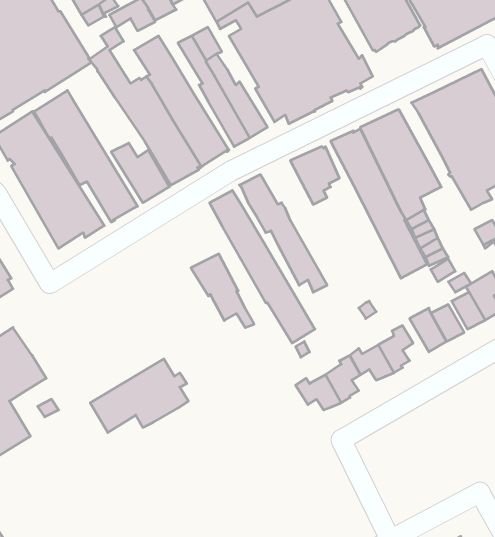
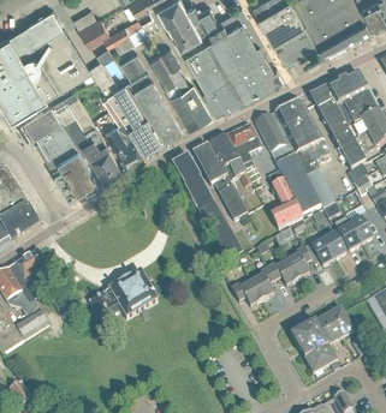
building: none -> [268,178,302,229]
building: [191,254,254,328] -> [207,134,250,185]
building: none -> [290,306,352,373]

